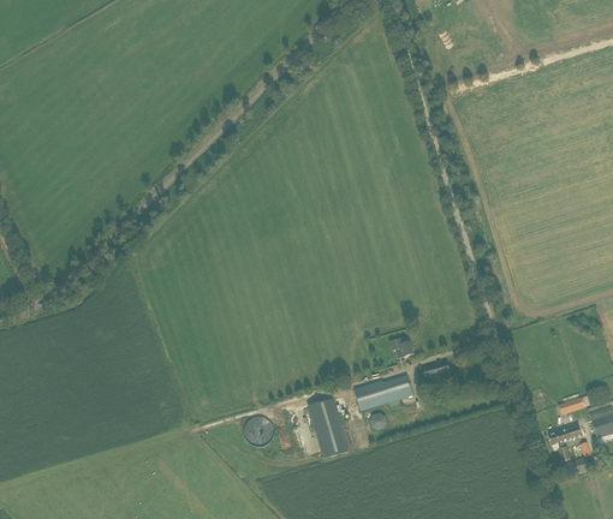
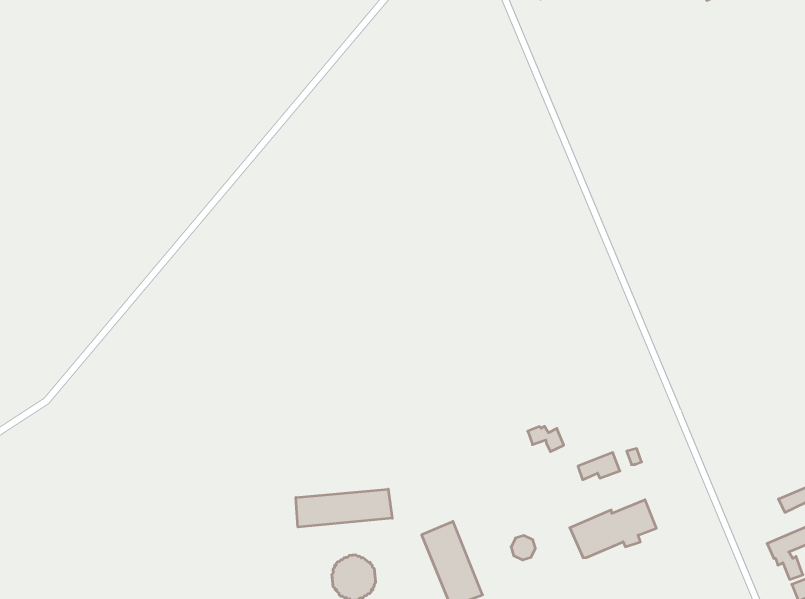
building: none -> [296,489,392,527]
building: [352,374,412,410] -> [570,500,656,558]

